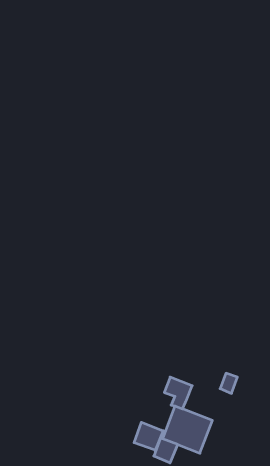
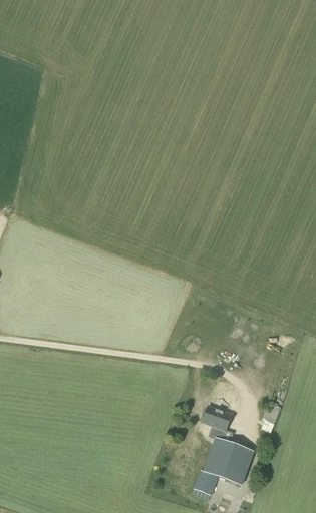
building: [134,422,163,451] -> none

